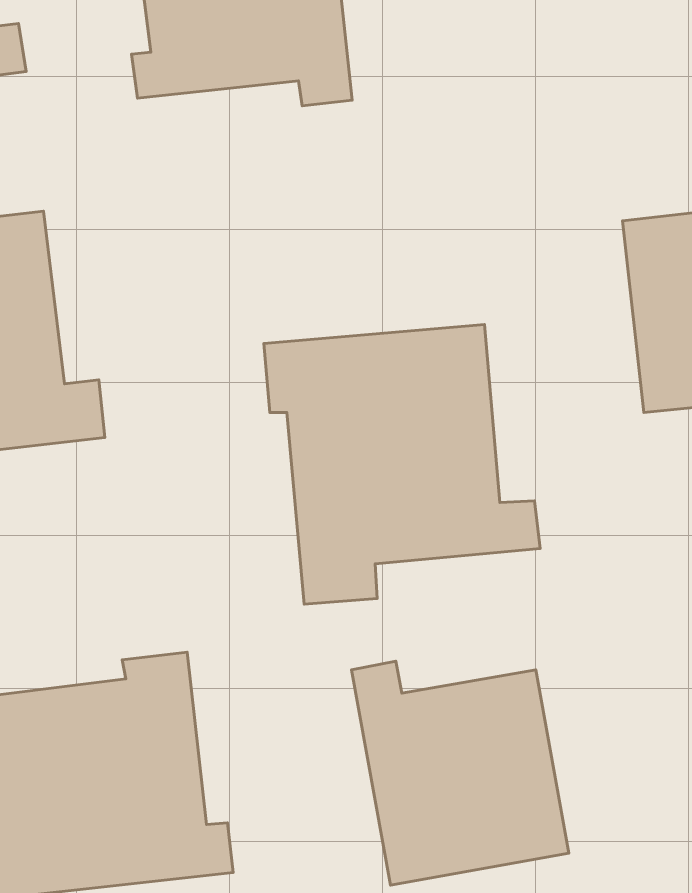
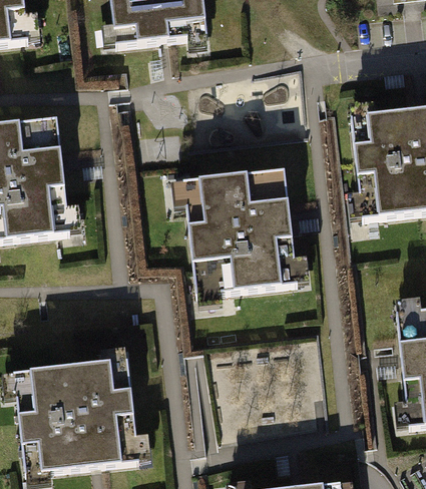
building: [352,661,569,885] -> none

